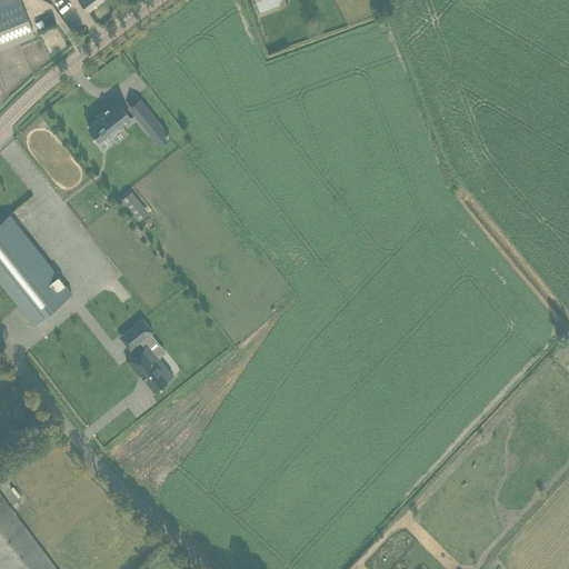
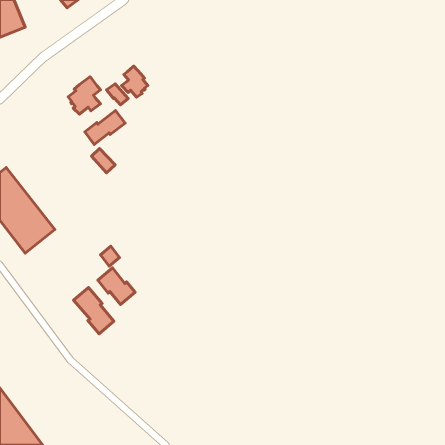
building: none -> [122,66,148,97]
building: none -> [85,110,125,144]
building: none -> [73,287,114,334]

